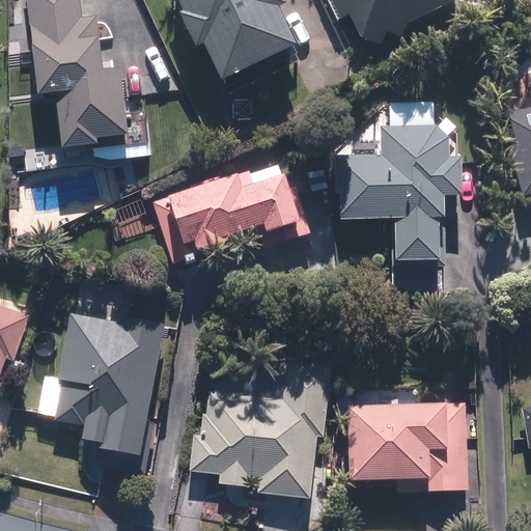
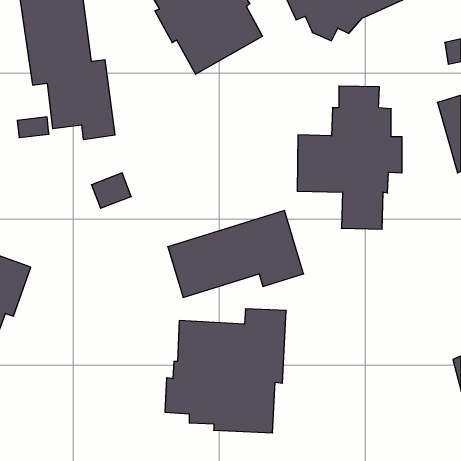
building: [152,159,308,258] -> [168,210,304,297]
building: [37,300,165,457] -> none
building: [344,400,466,490] -> none

